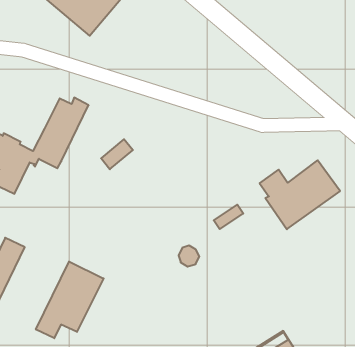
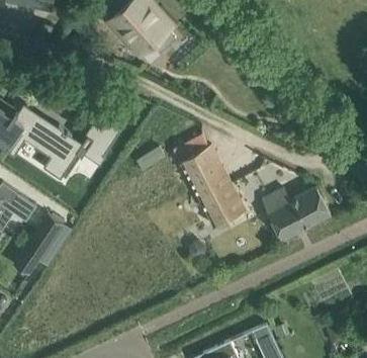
building: none -> [173,136,246,228]
building: [36,261,104,338] -> none

